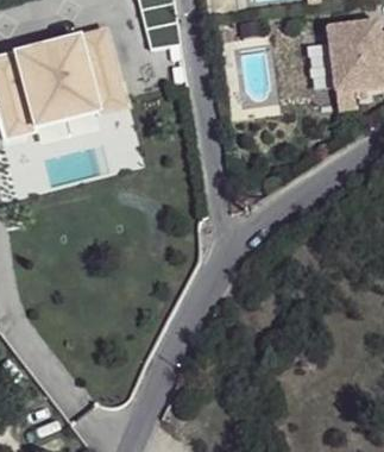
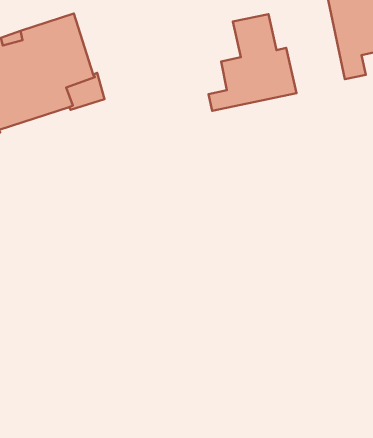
building: none -> [208,14,296,111]

